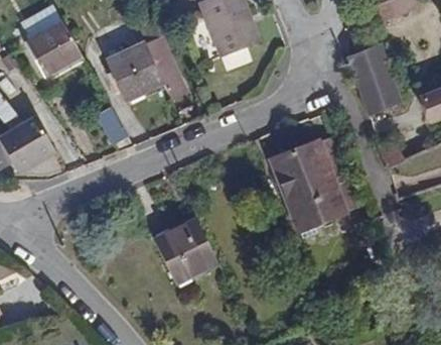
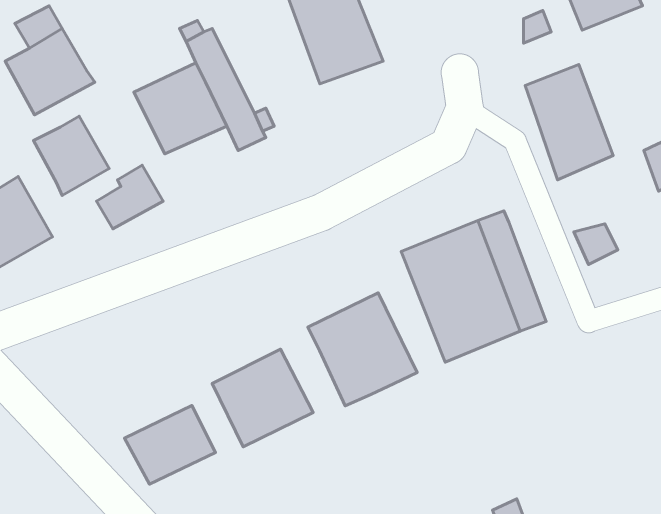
building: none -> [33,116,109,196]
building: none -> [308,293,417,406]
building: none -> [125,406,216,484]

